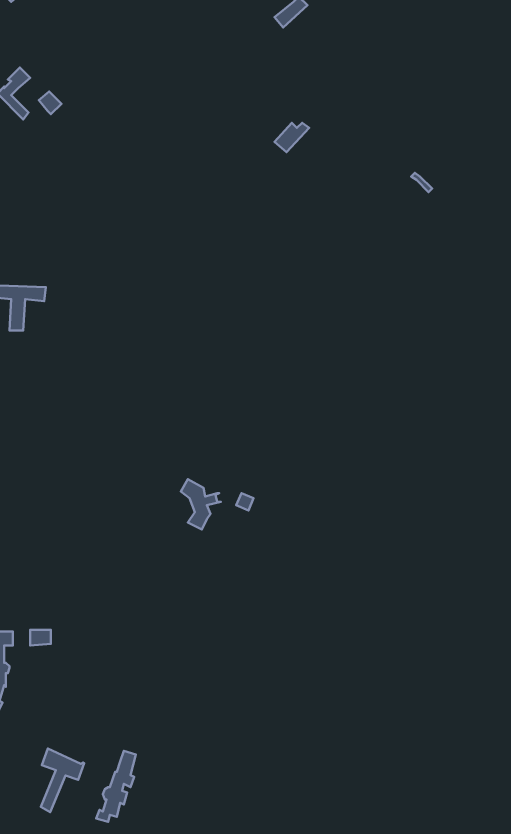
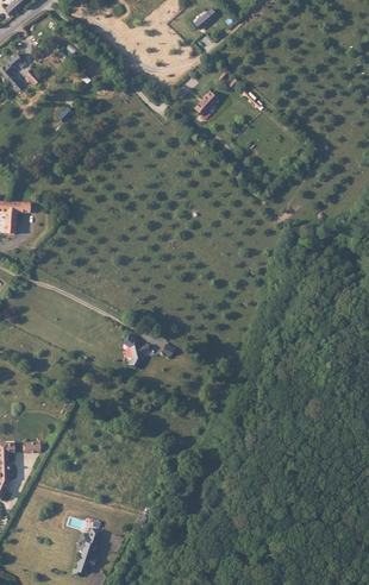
building: [41,748,84,812] -> none

